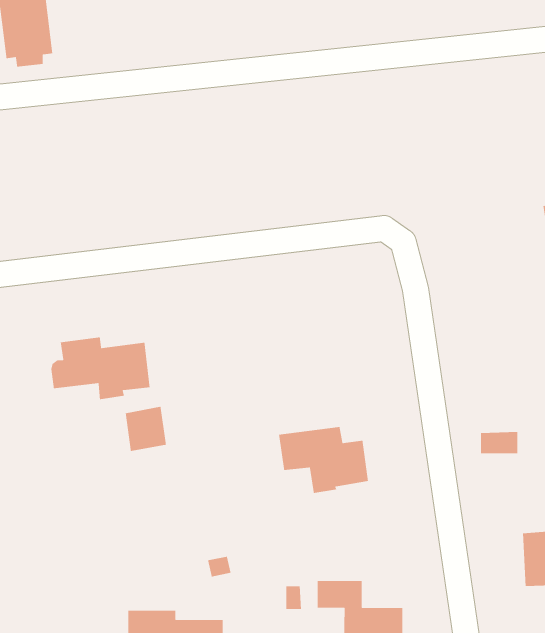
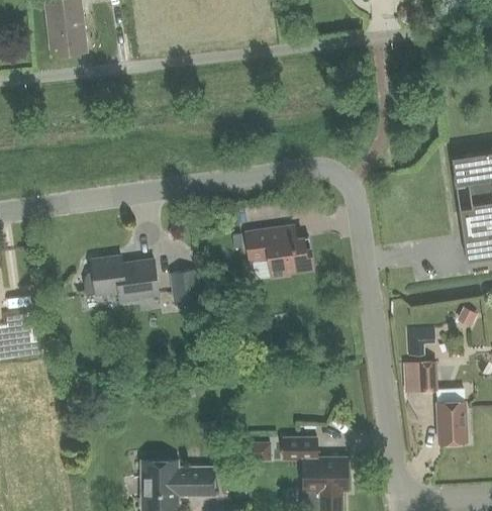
building: [125,406,167,452] -> [170,270,201,304]
building: [278,426,369,494] -> [245,227,313,278]
building: none -> [418,363,436,392]

